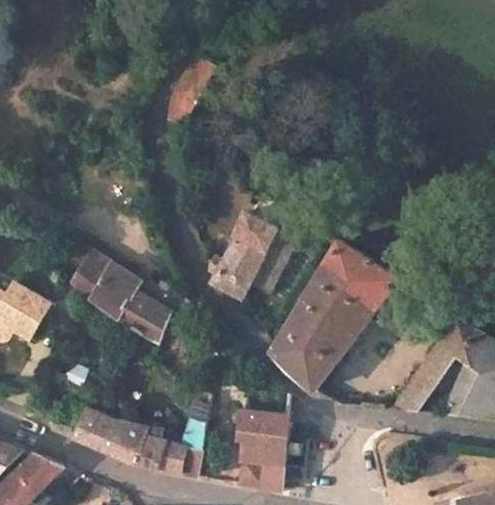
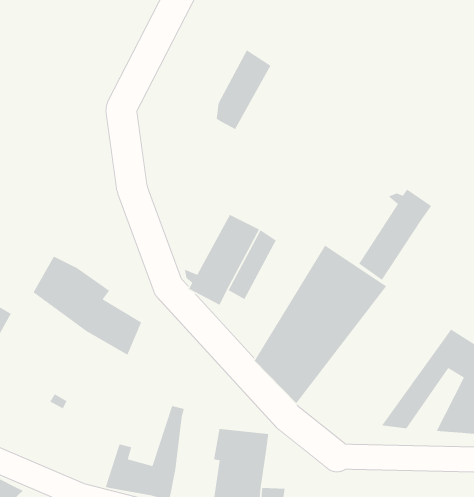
building: [164,53,215,127] -> [216,49,272,130]
building: none -> [358,188,432,281]
building: [74,407,148,465] -> none

